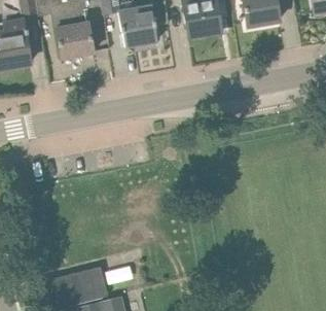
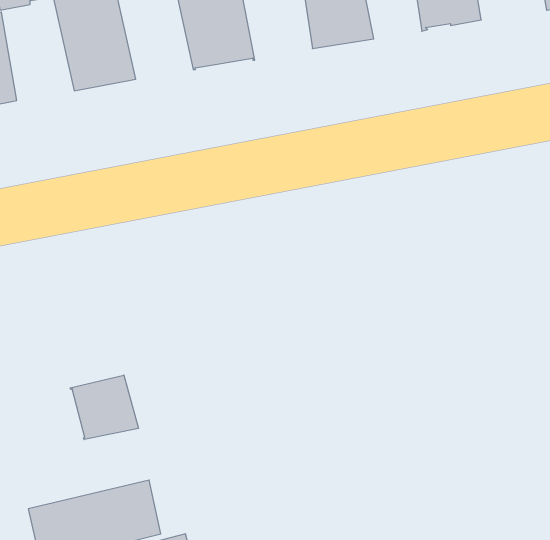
building: none -> [70,375,138,440]

